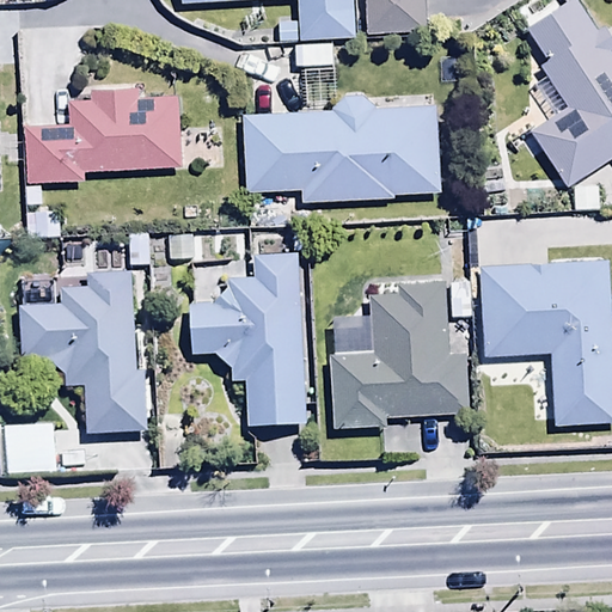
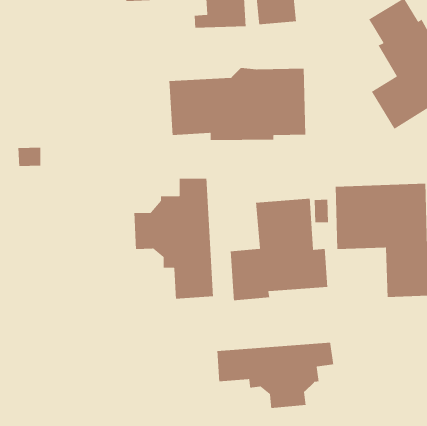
building: [27,85,184,182] -> none
building: [22,269,148,432] -> none
building: none -> [217,342,334,409]

